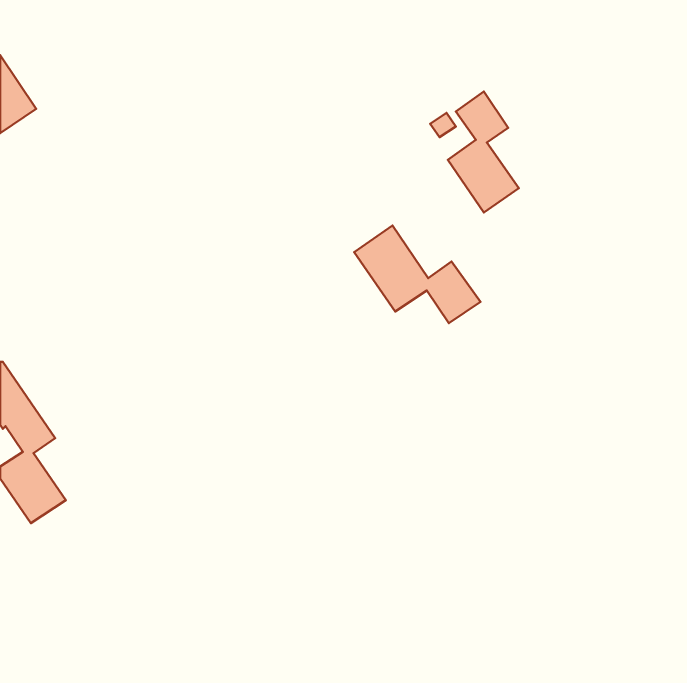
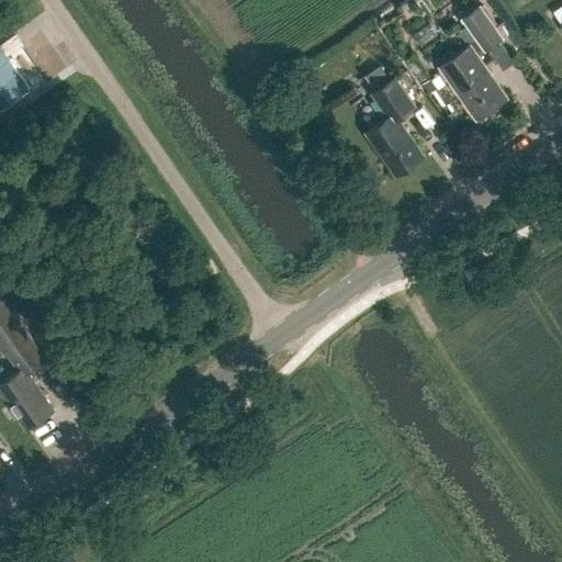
building: none -> [439,8,507,121]
building: [354,226,480,323] -> none

